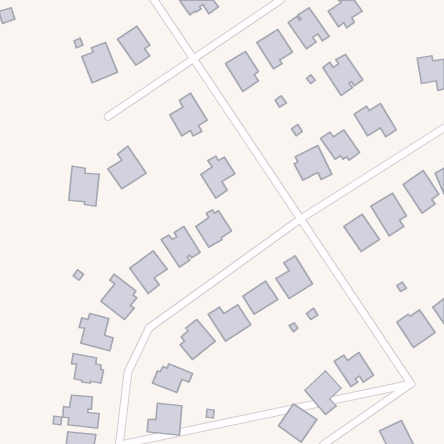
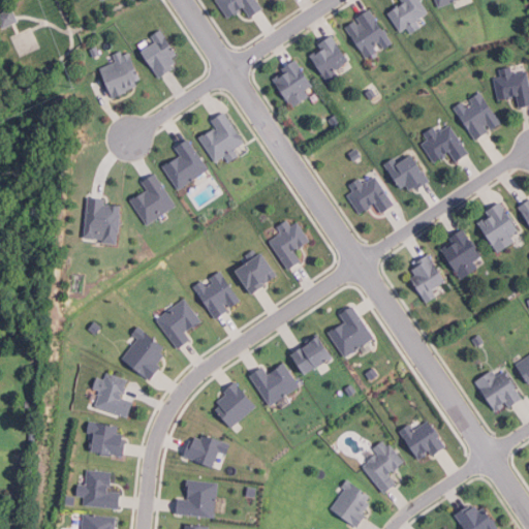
building: [323,54,363,95] -> [452,93,499,142]
building: none -> [161,139,207,190]
building: [201,156,235,198] -> [268,220,308,270]

